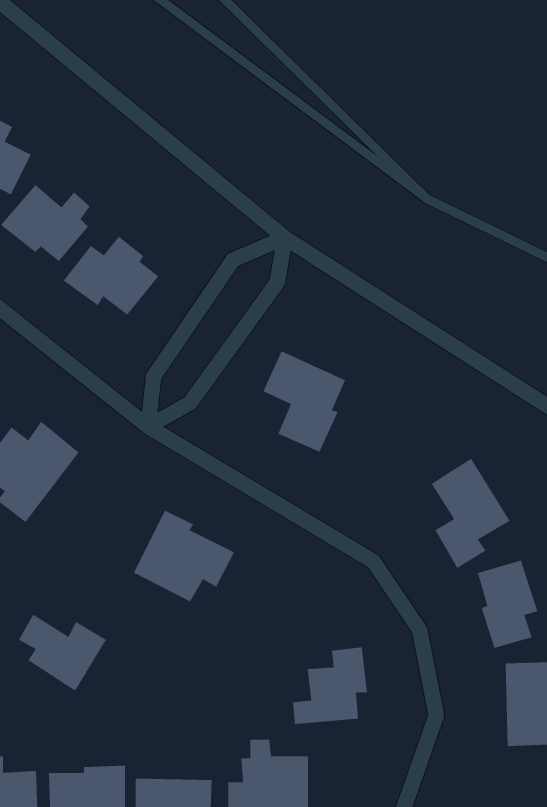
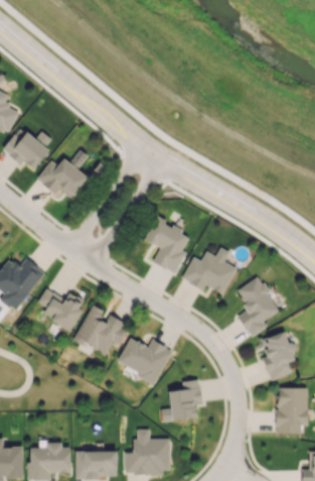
building: none -> [182,252,237,293]
building: none -> [117,338,172,383]
building: [18,614,107,692] -> [38,288,87,331]

